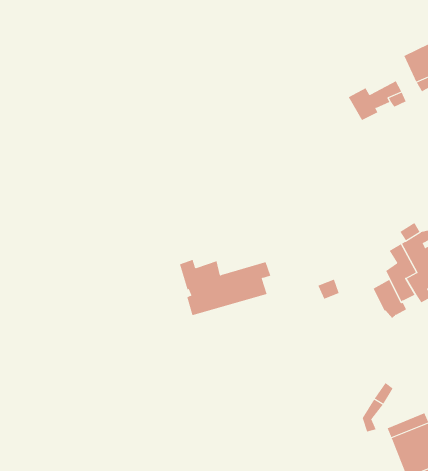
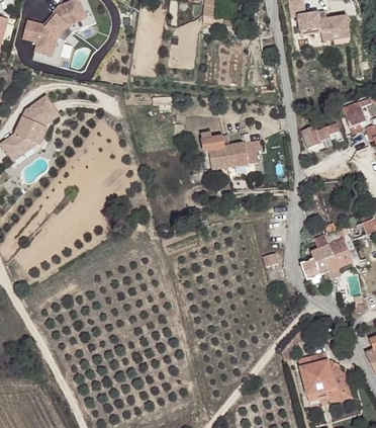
building: [179,259,271,316] -> [201,132,263,170]

